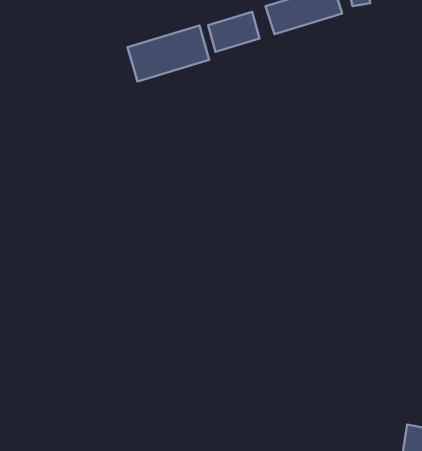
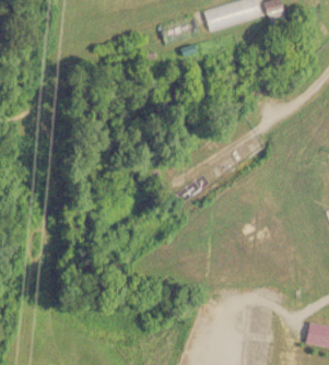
building: [127,26,209,82] -> none

